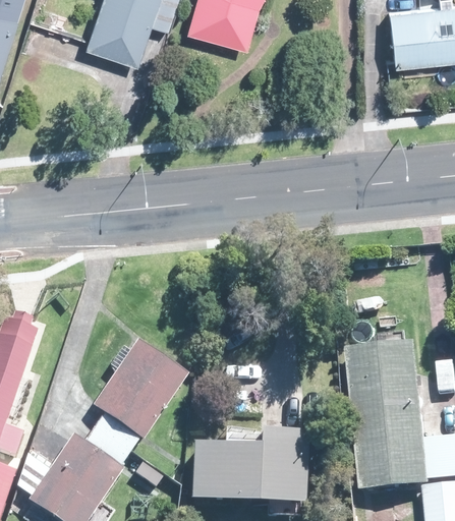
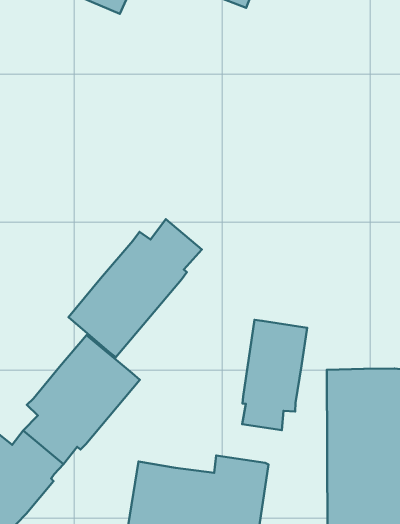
building: none -> [68,219,202,357]
building: none -> [242,320,307,430]

